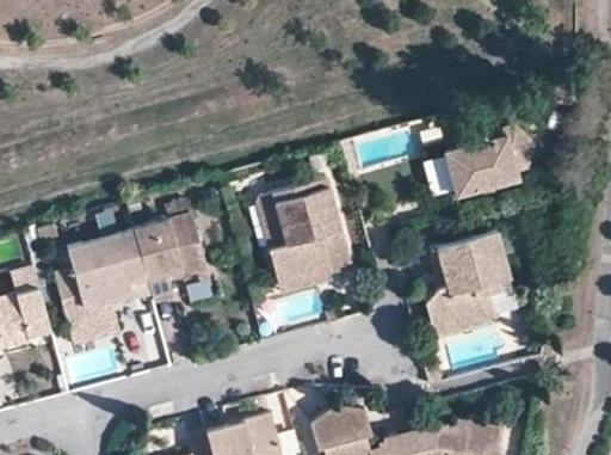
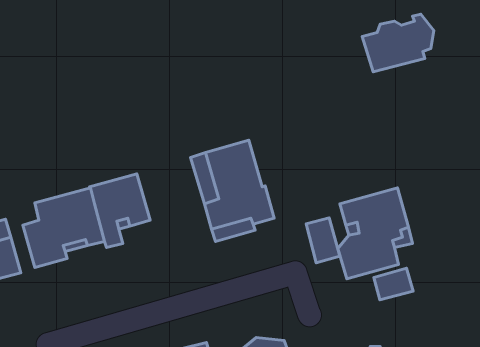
building: [442,128,526,196] -> [362,14,434,72]
building: none -> [306,218,340,263]
building: none -> [374,268,413,300]

